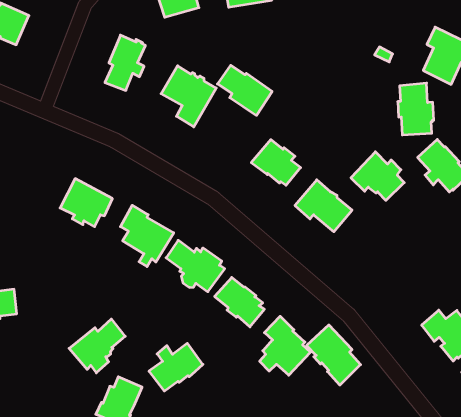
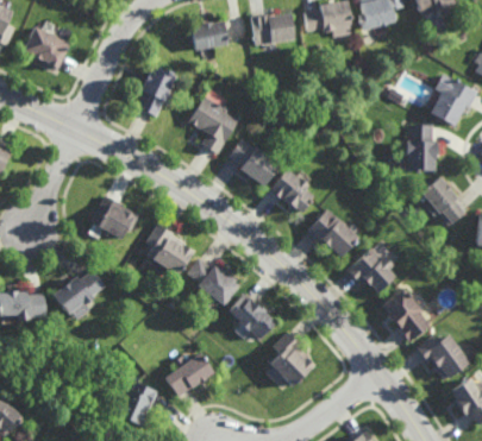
building: [217,65,272,115] -> [230,139,280,187]
building: [351,152,404,200] -> [348,247,396,292]
building: [69,319,125,373] -> [52,270,105,319]
building: [307,325,361,385] -> [382,288,431,344]

